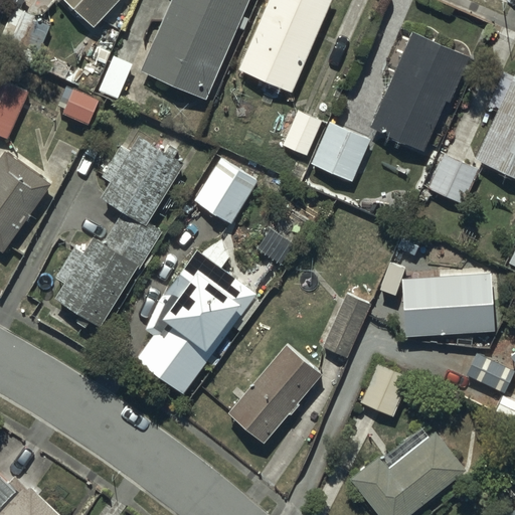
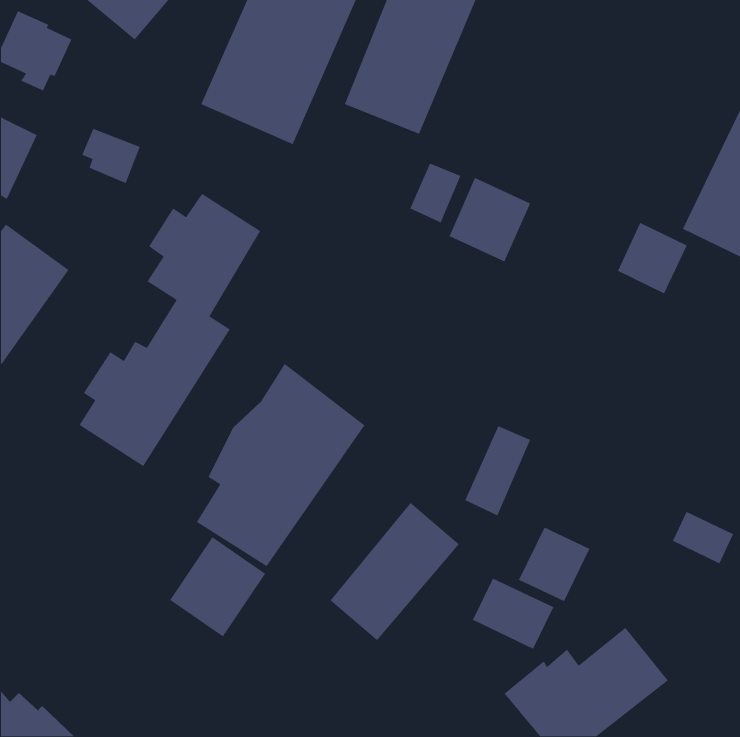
building: [369,33,469,153] -> none
building: [195,165,256,225] -> none
building: [401,266,493,338] -> none
building: none -> [169,536,266,638]
building: none -> [472,578,554,650]

